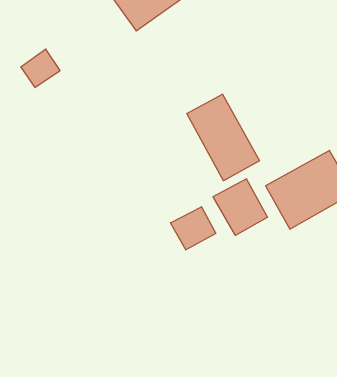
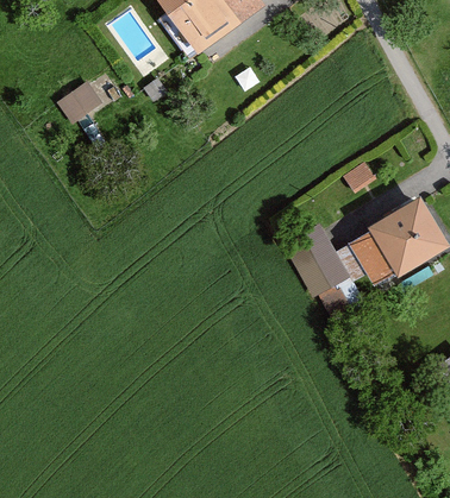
building: [187,94,259,181] -> none
building: [170,207,216,250] -> none

